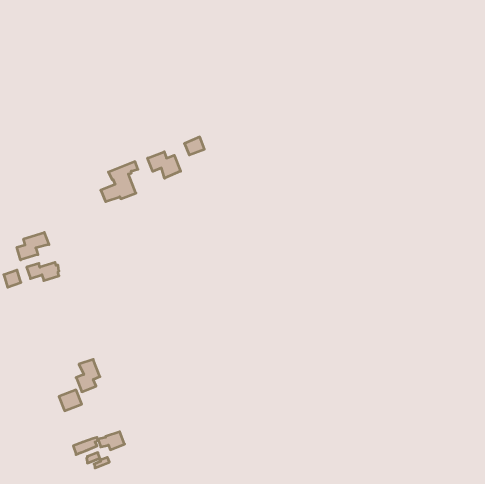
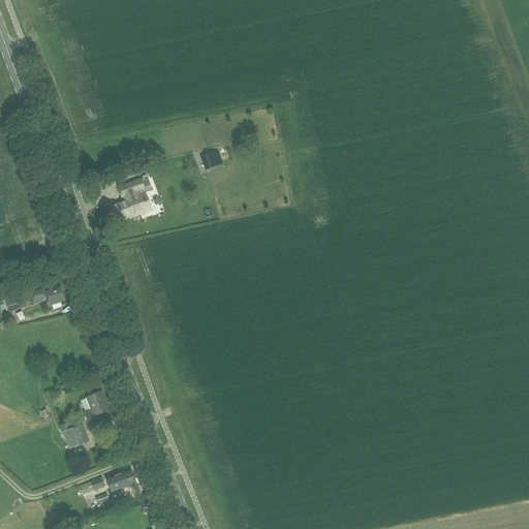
building: [148,152,181,178] -> none
building: [17,232,49,260] -> none

